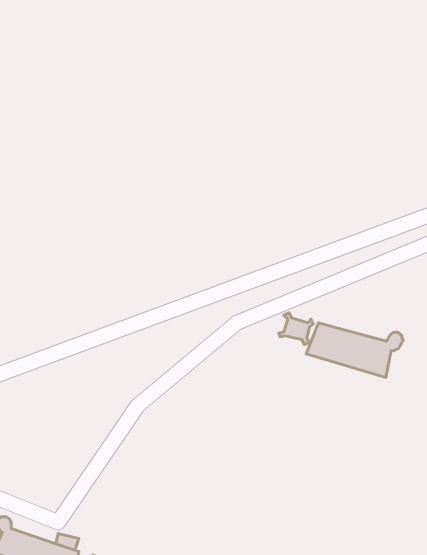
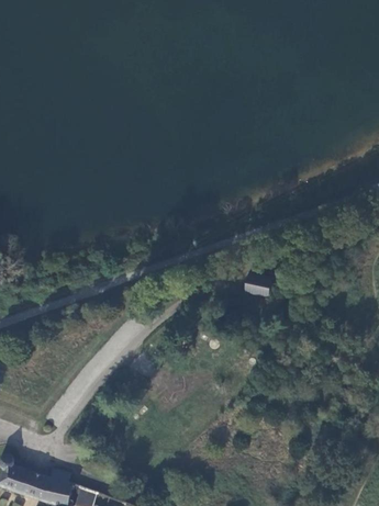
building: [306,323,403,377] -> none

